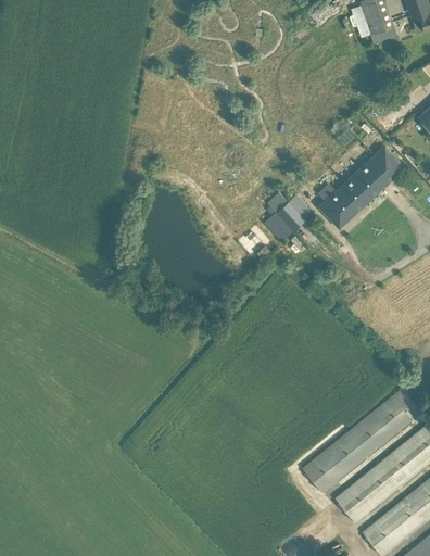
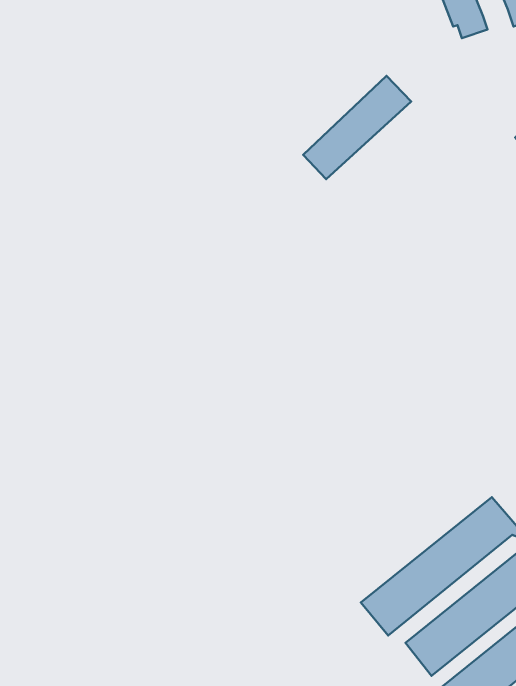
building: [320,148,402,226] -> [303,76,411,179]
building: [263,193,312,242] -> none

